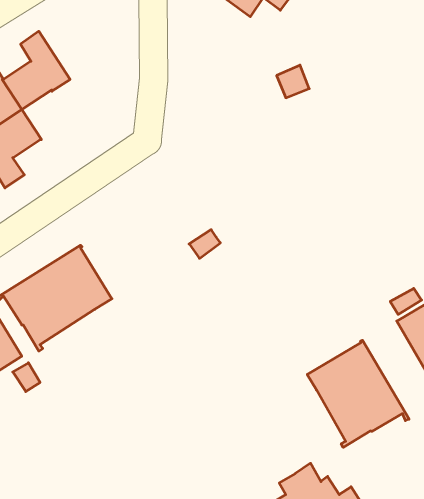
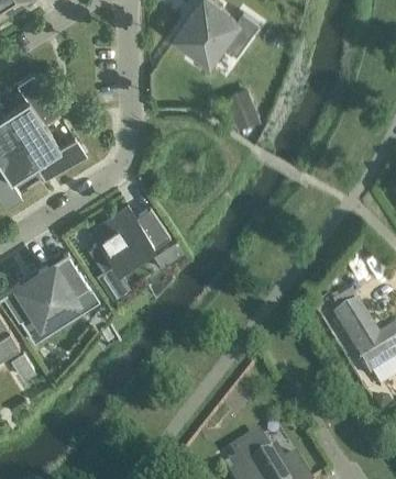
building: none -> [20,123,86,180]
building: none -> [89,207,170,297]
building: [307,340,409,447] -> none

